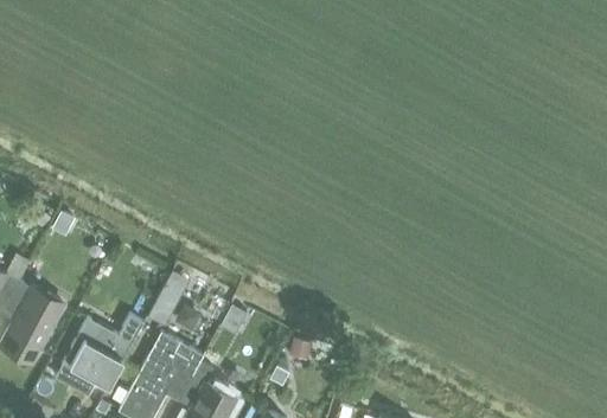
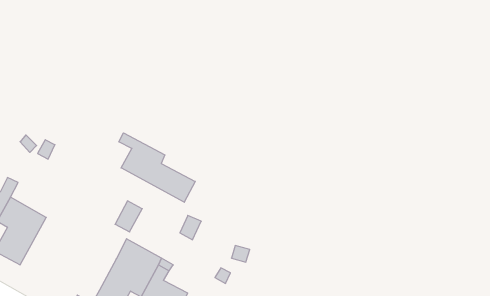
building: none -> [119,133,195,202]
building: [56,314,143,394] -> none

